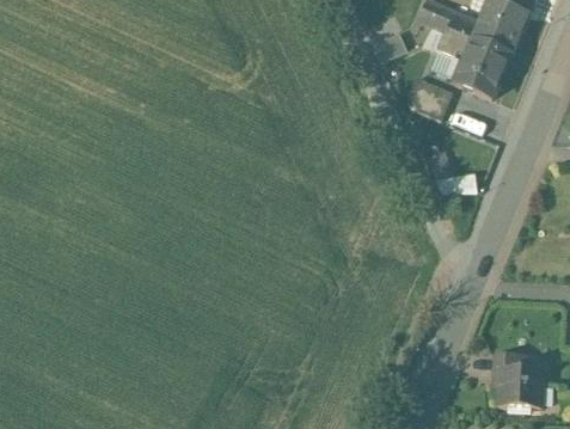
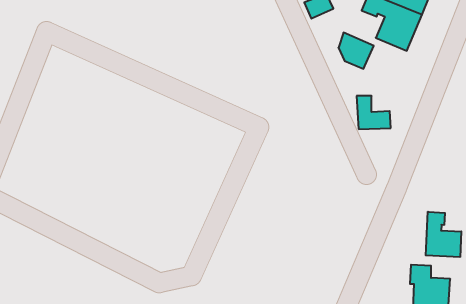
building: none -> [426,212,461,257]

